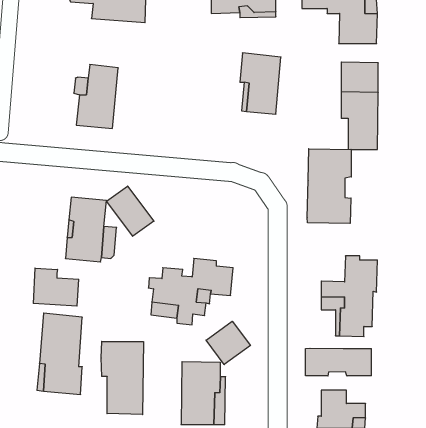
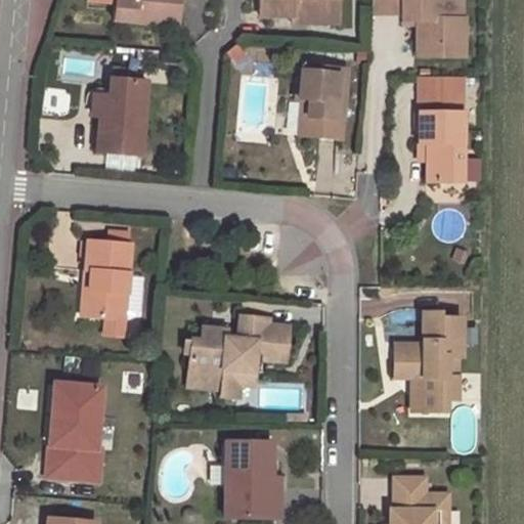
building: [307,149,351,223] -> none
building: [106,186,154,236] -> none
building: [33,268,79,306] -> none
building: [206,321,250,365] -> none
building: [101,341,143,415] -> none
building: [306,348,371,376] -> none

